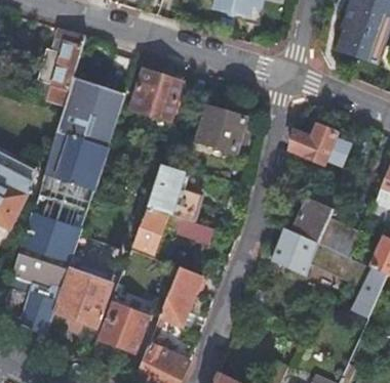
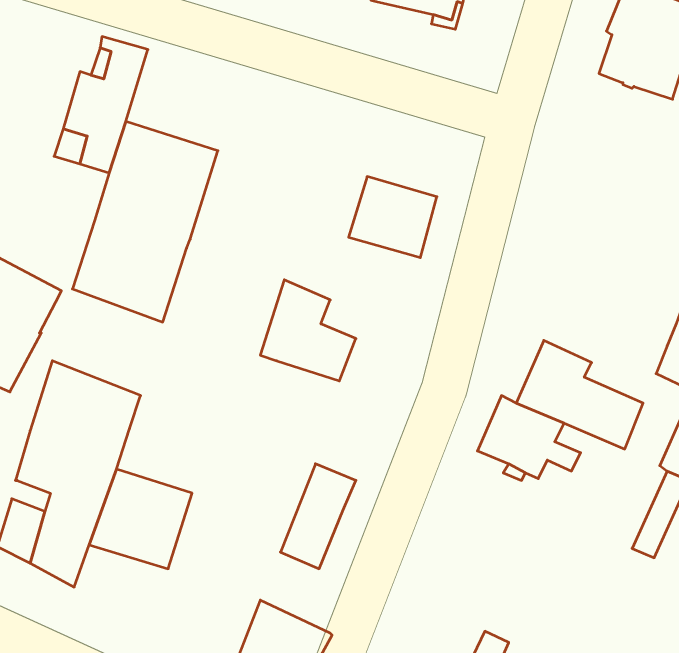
building: [131,70,183,120] -> none
building: [290,124,349,164] -> none
building: [133,209,210,253] -> none
building: [100,302,149,351] -> none

